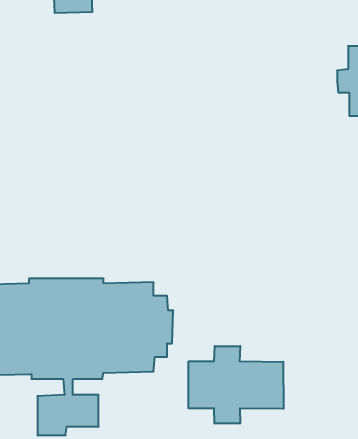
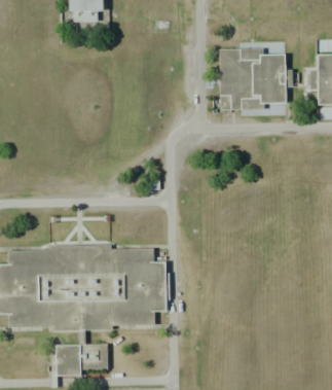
building: none -> [219,46,295,110]
building: [189,346,283,424] -> none

